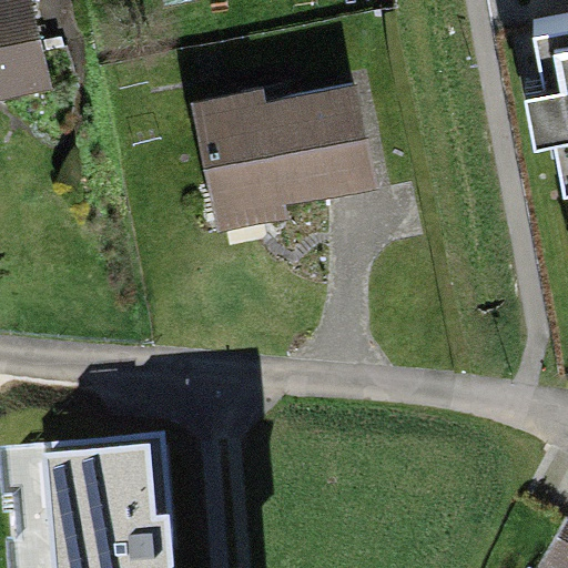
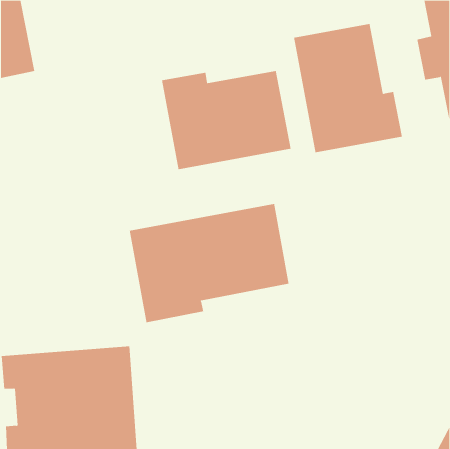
building: none -> [294,23,402,153]
building: none -> [129,203,289,323]

